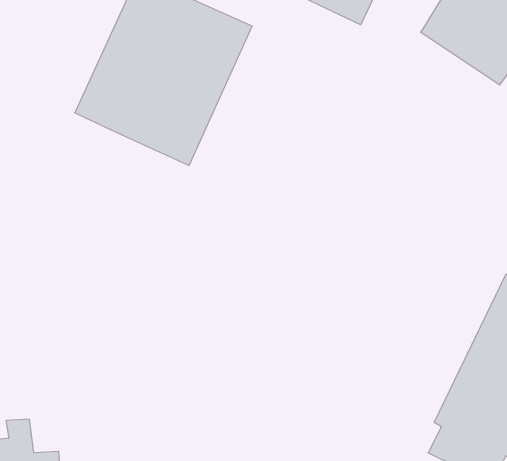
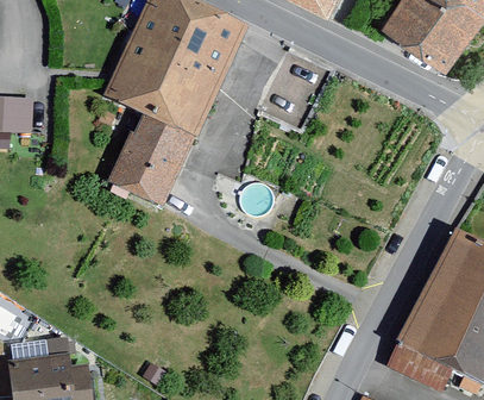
building: none -> [109,112,196,208]

